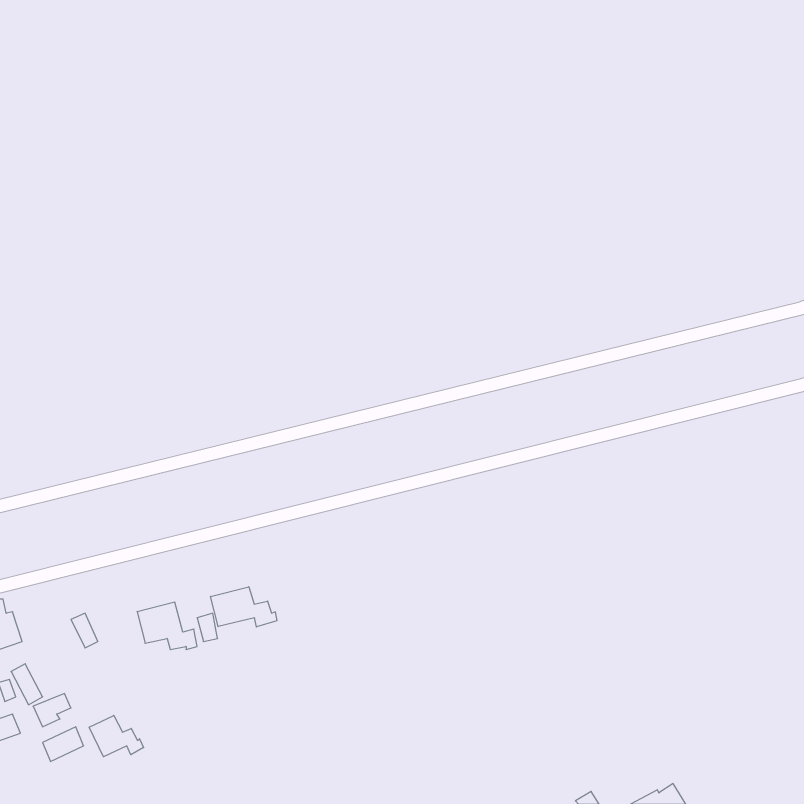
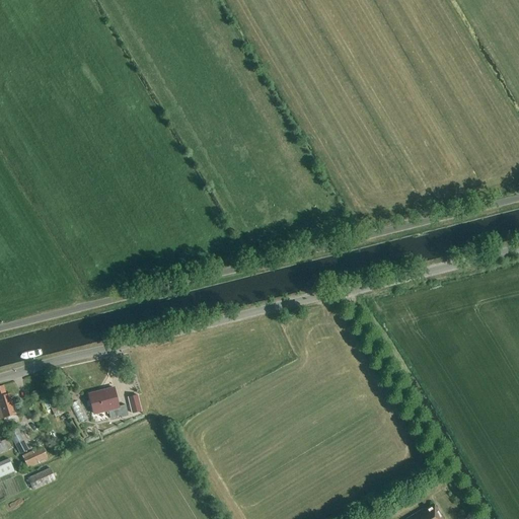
building: [211,587,277,627] -> none
building: [89,715,144,757] -> none

